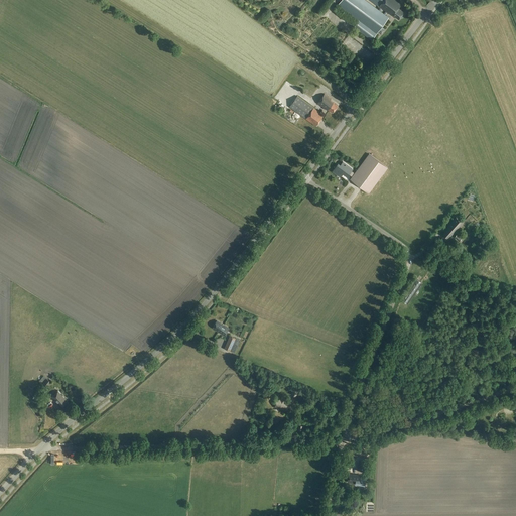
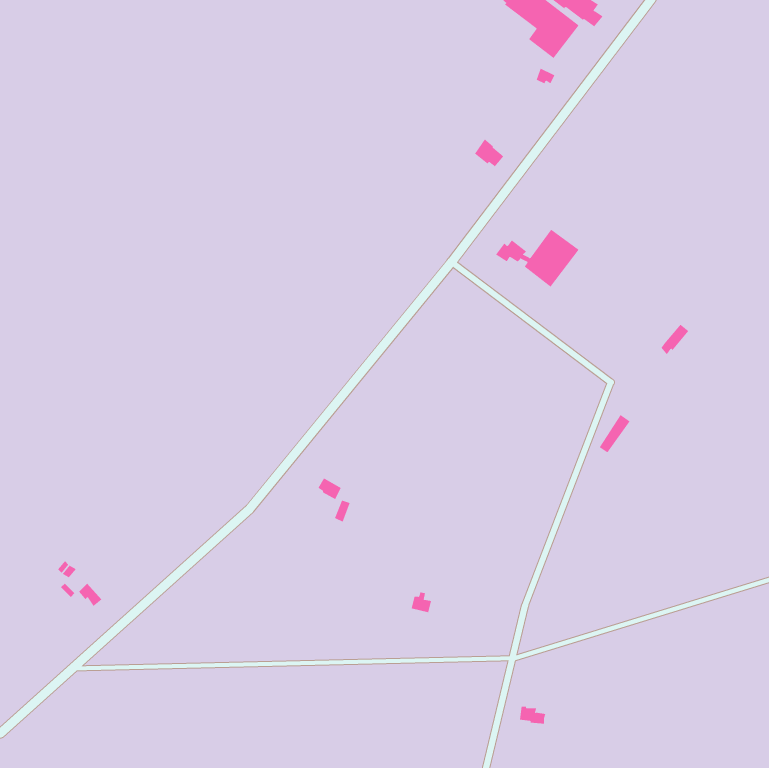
building: [287,95,324,125] -> none

